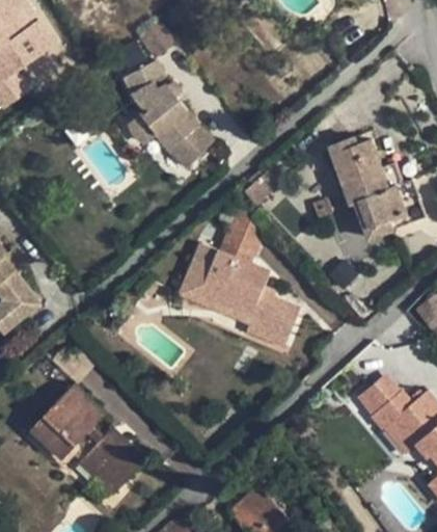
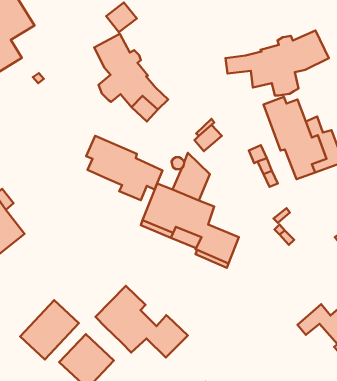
building: none -> [225,30,329,96]
building: none -> [86,136,163,200]
building: none -> [95,286,188,358]
building: [356,374,400,417] -> none

